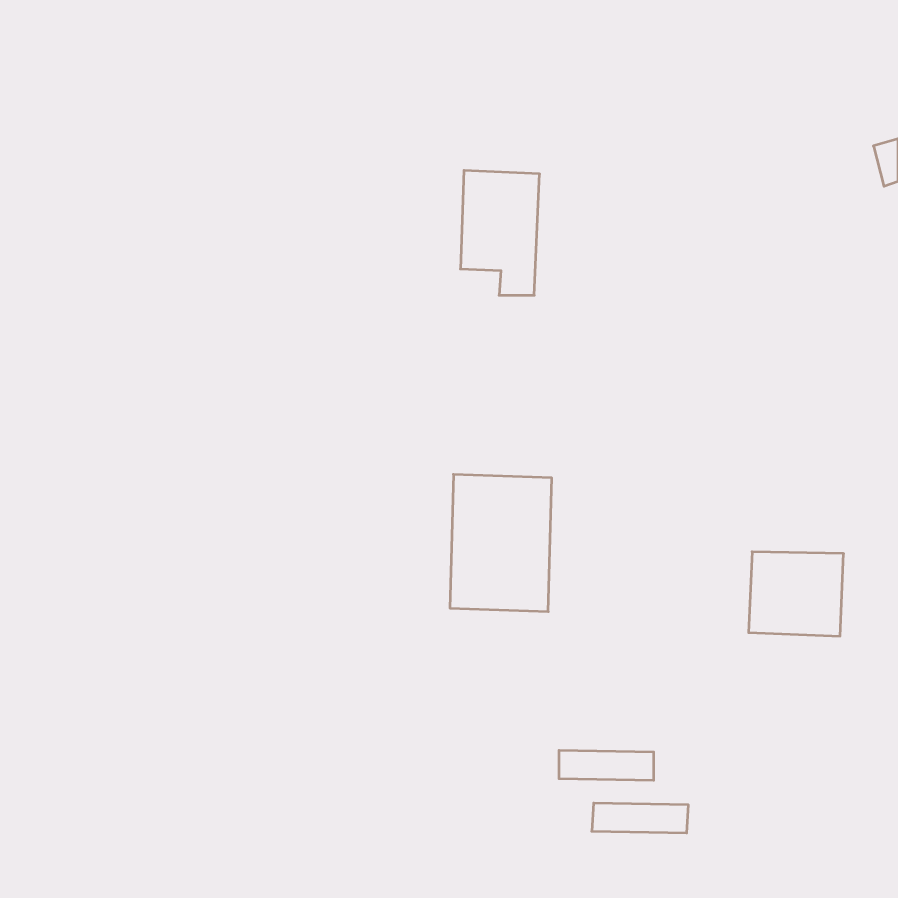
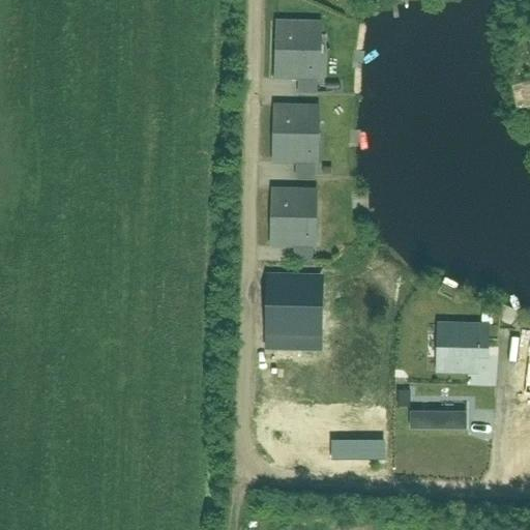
building: none -> [272,17,320,91]
building: none -> [268,182,315,257]
building: [592,803,688,833] -> [412,410,469,428]

